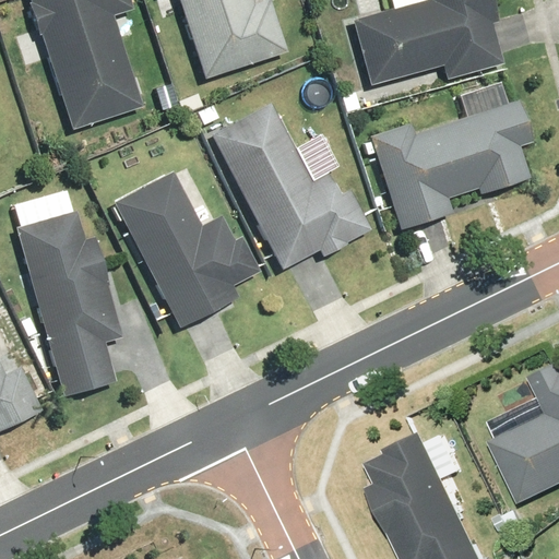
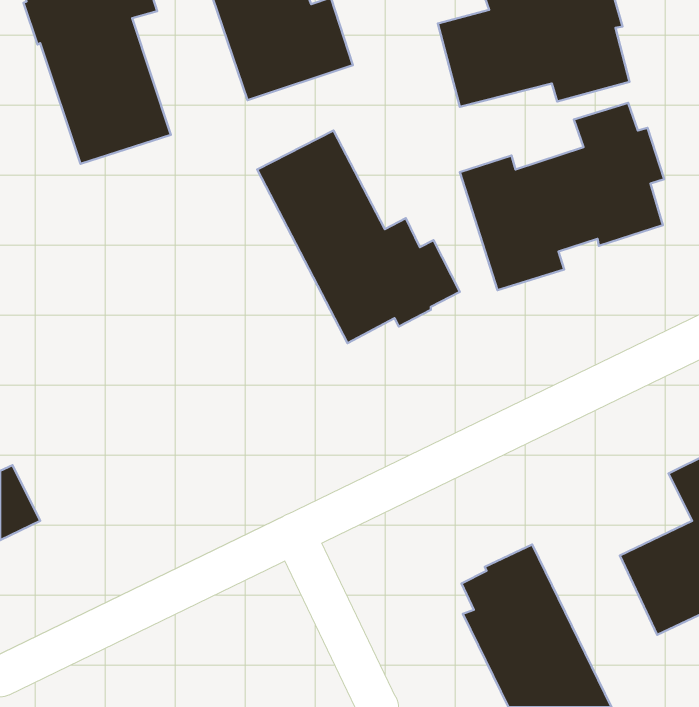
building: [114,170,261,328] -> none
building: [14,210,122,396] -> none

